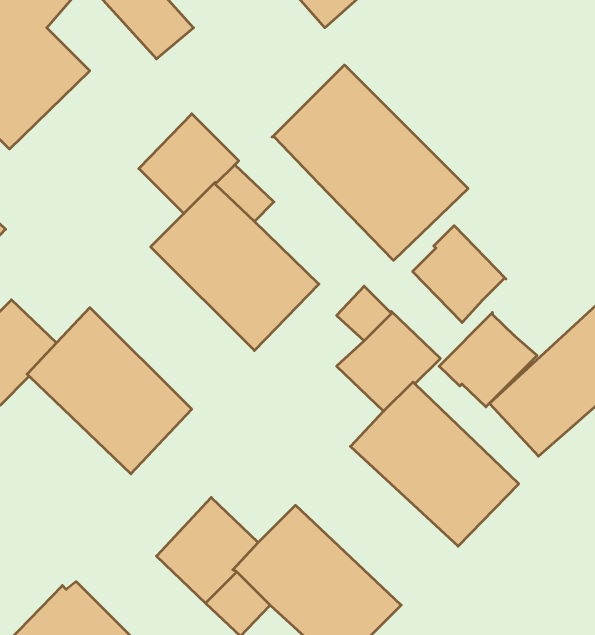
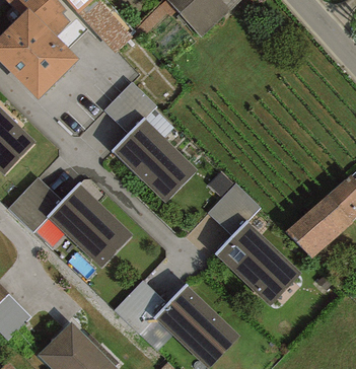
building: [272,65,468,260] -> none
building: [413,226,506,323] -> none
building: [439,312,537,407] -> none

